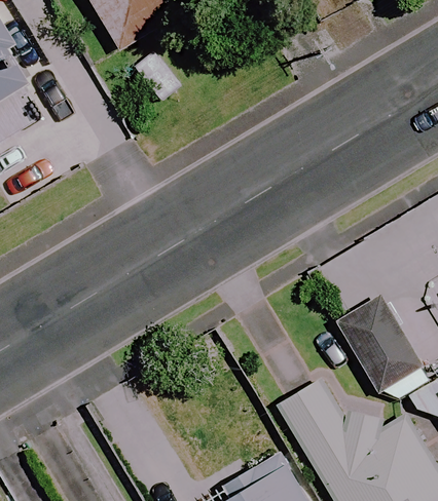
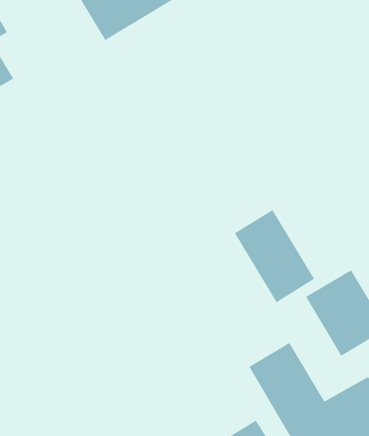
building: none -> [234,209,315,303]

